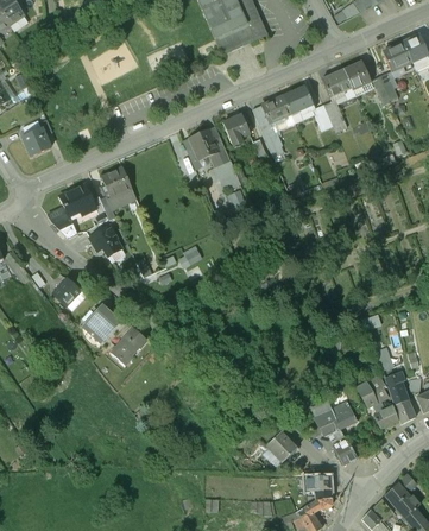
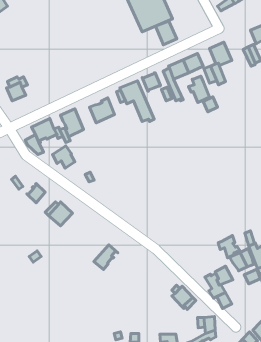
building: none -> [155,21,177,45]
building: [343,61,373,96] -> none
building: none -> [188,76,209,103]
building: none -> [90,98,115,123]
building: [111,328,146,365] -> [94,245,118,270]
building: none -> [218,236,240,258]

